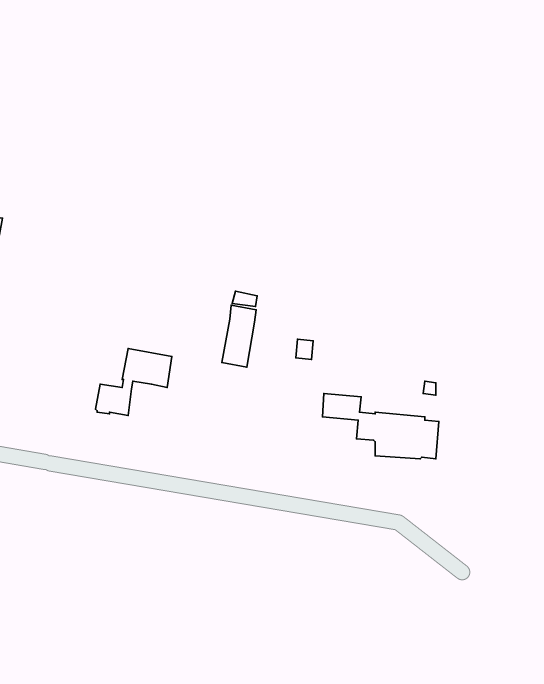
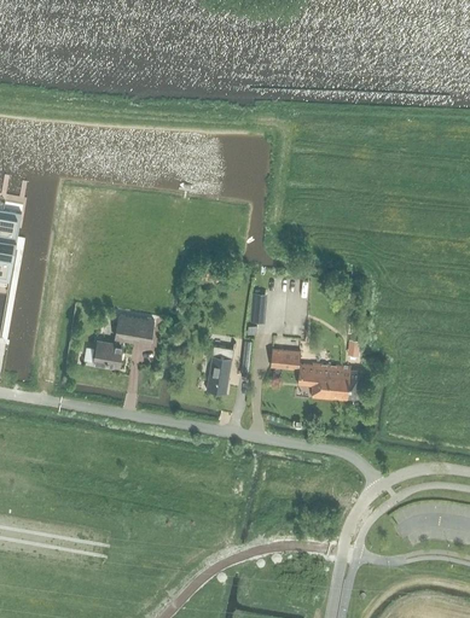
building: [222,305,256,367] -> [207,344,233,392]

